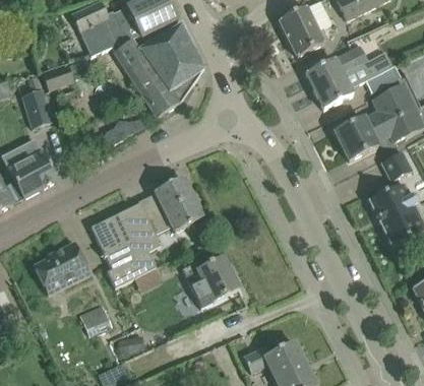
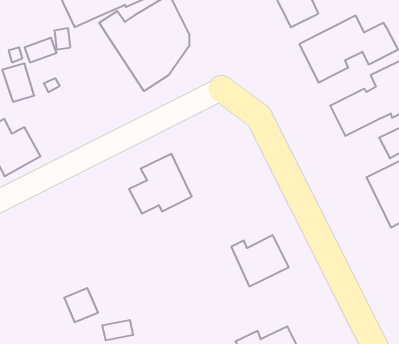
building: [100,118,145,148] -> none
building: [90,206,161,286] -> none
building: [34,241,90,294] -> none
building: [183,257,238,306] -> [231,235,289,286]

